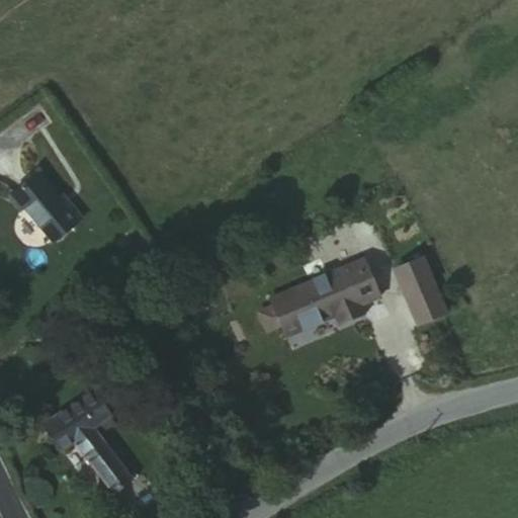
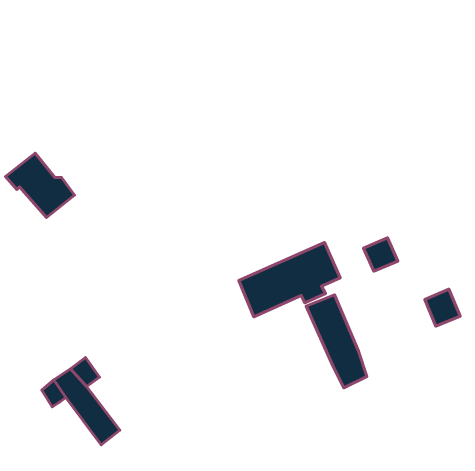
building: [407,284,445,325] -> [425,289,460,326]
building: none -> [306,295,367,388]

